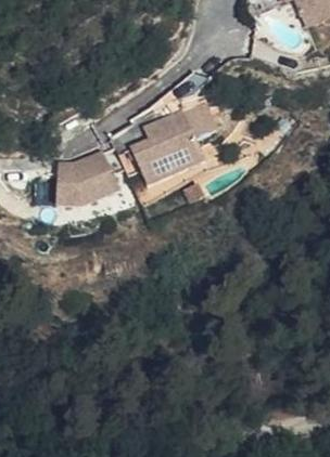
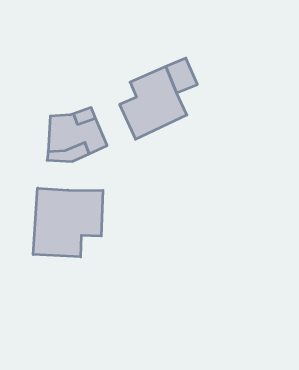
building: none -> [33,188,103,257]

